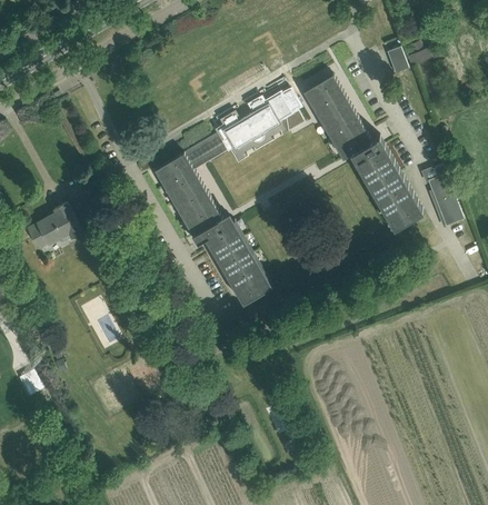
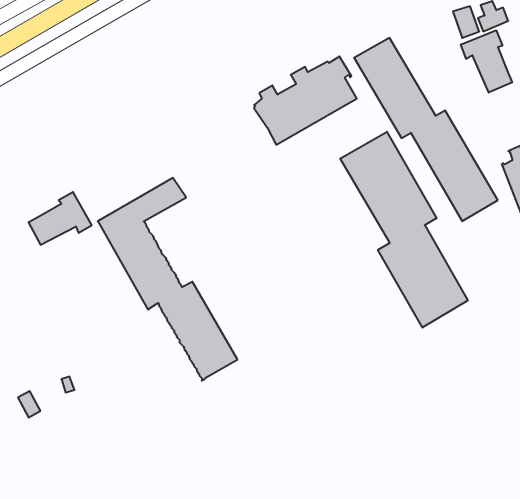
building: none -> [461,30,512,93]
building: [153,132,271,304] -> [98,178,237,381]
building: none -> [340,132,468,328]

